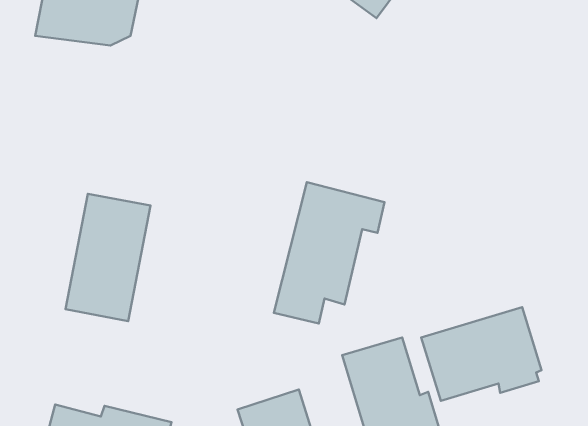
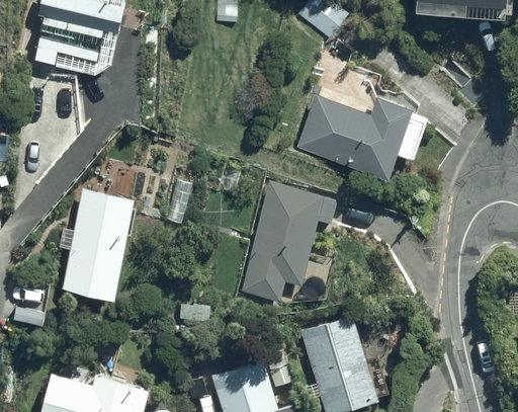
building: none -> [295,97,428,182]
building: [421,307,542,401] -> none

